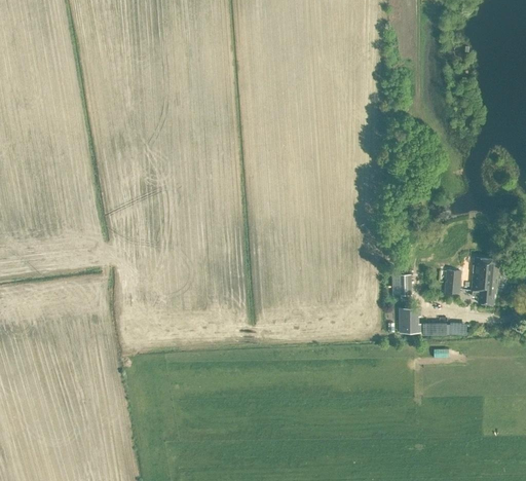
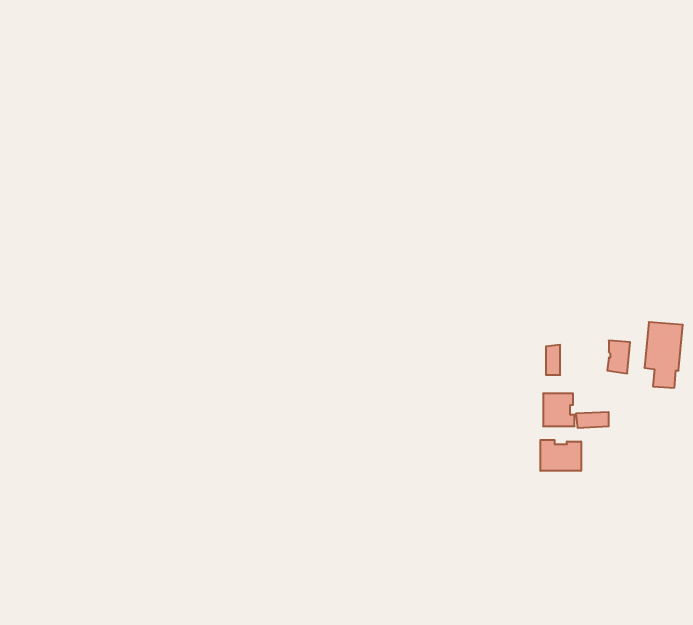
building: none -> [540,440,581,471]

